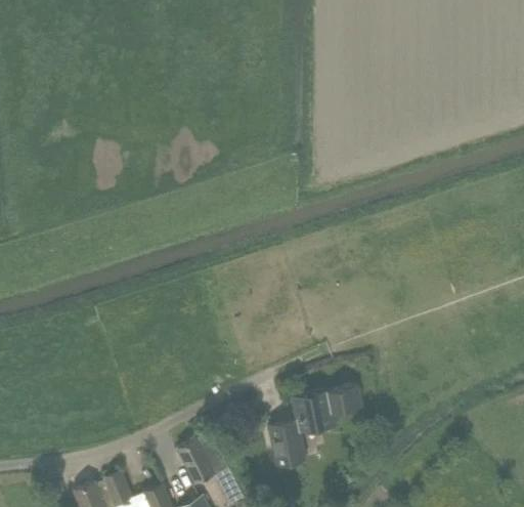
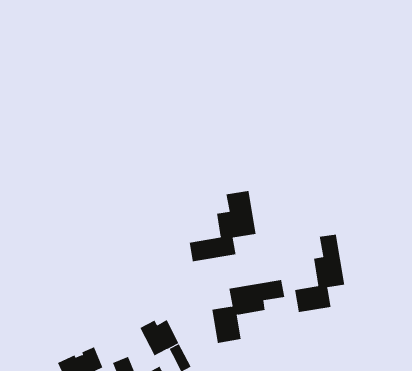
building: none -> [189,190,256,262]
building: none -> [295,234,345,313]

